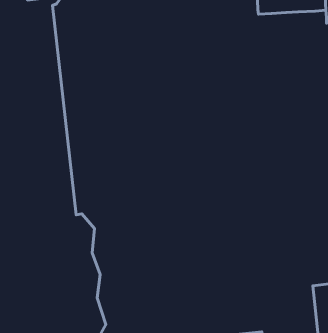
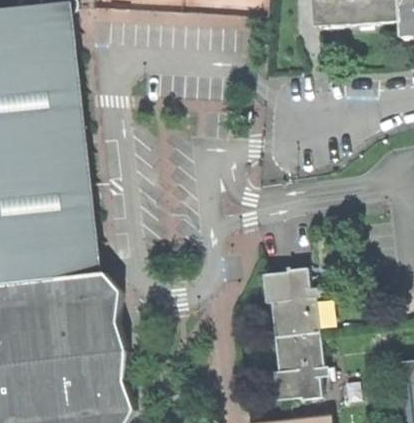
building: none -> [267,272,323,403]

